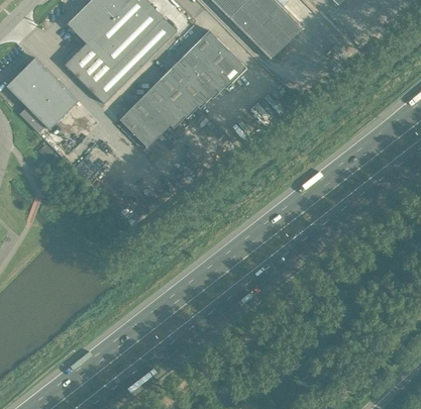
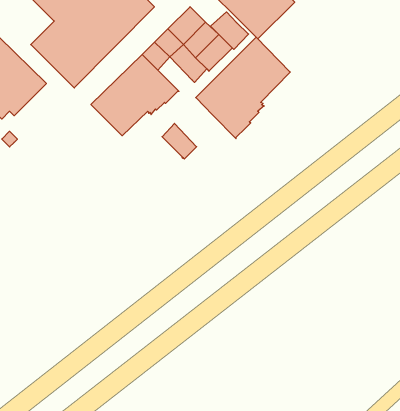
building: none -> [211,12,249,49]
building: none -> [196,37,290,139]
building: [179,76,210,108] -> [162,123,197,159]

